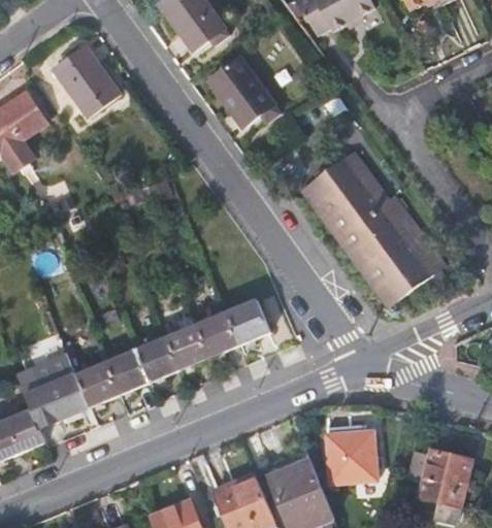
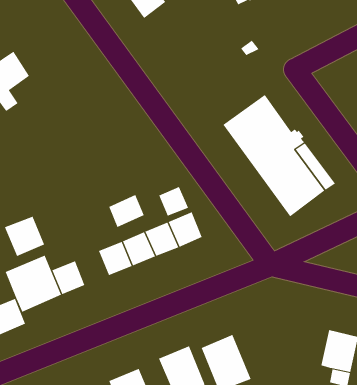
building: [58,46,122,117] -> none
building: [209,58,277,126] -> none
building: none -> [158,186,189,217]
building: none -> [109,194,145,228]
building: none -> [4,216,45,257]
building: [107,349,150,393] -> none
building: [326,430,376,484] -> none

